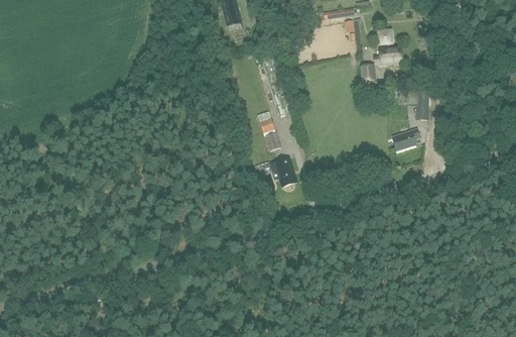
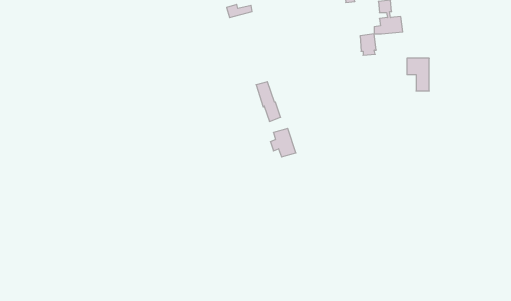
building: [392,128,420,150] -> none

